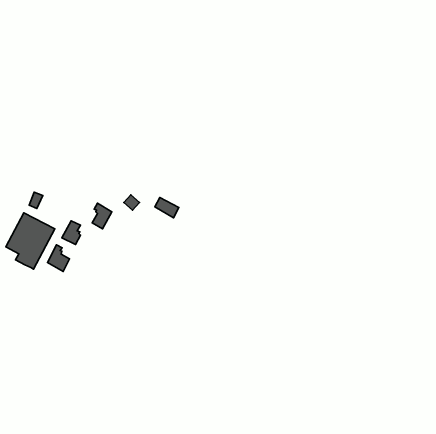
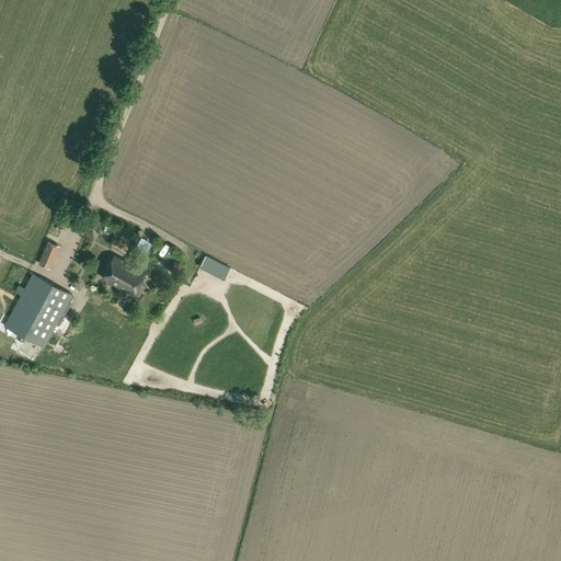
building: [62,221,81,245] -> [101,259,125,289]
building: [47,245,70,271] -> none

